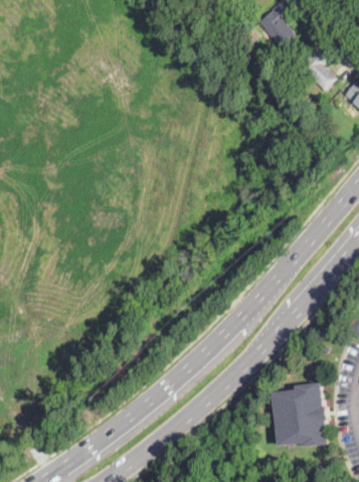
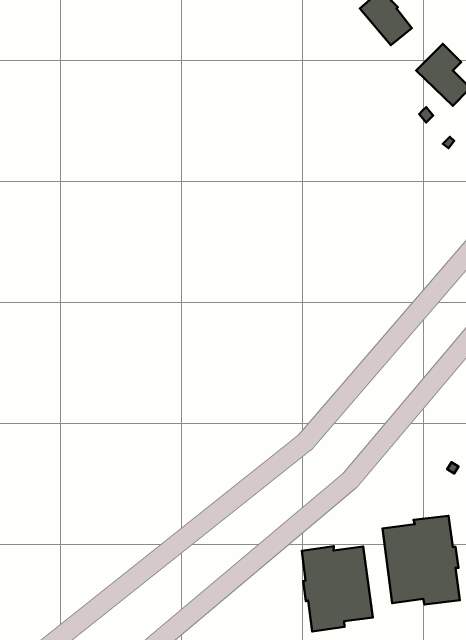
building: none -> [302,546,373,631]

